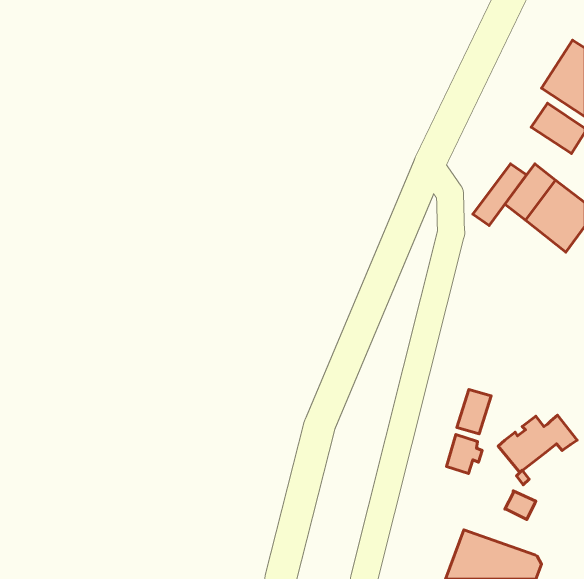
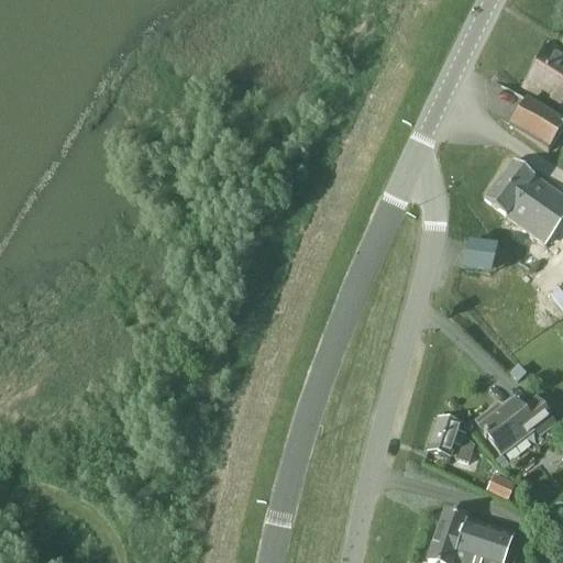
building: [473,164,527,225] -> none
building: none -> [466,239,497,272]
building: [457,389,491,434] -> none

